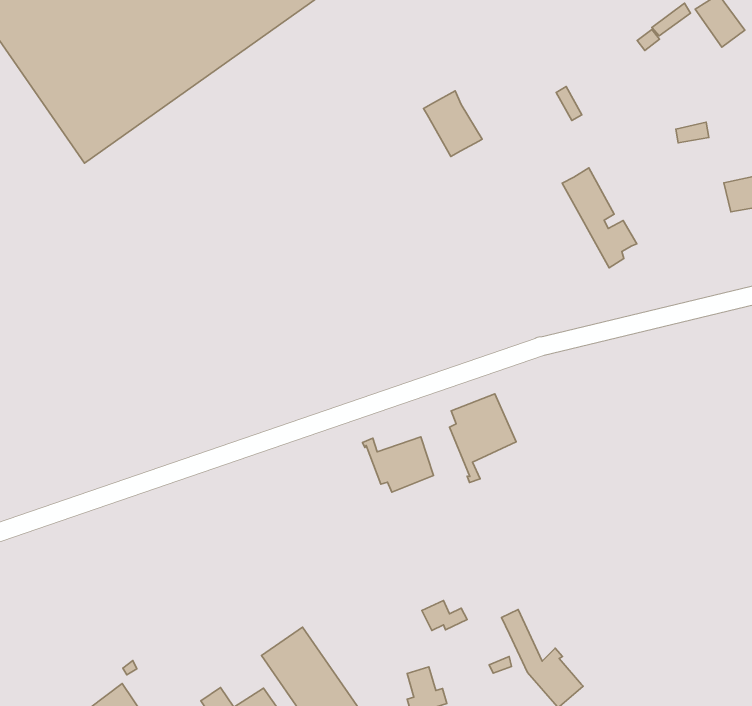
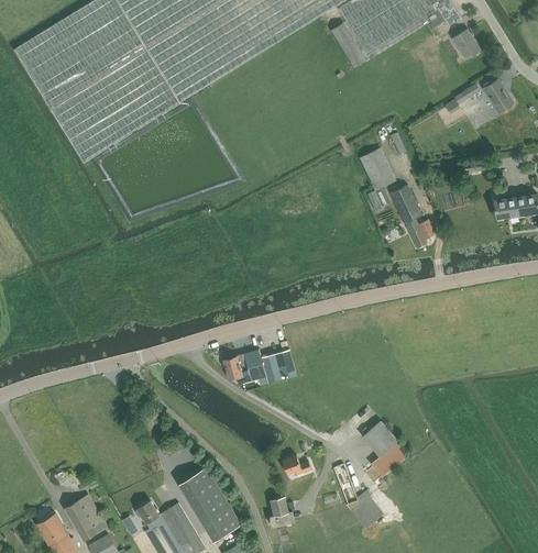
building: [424,91,482,157] -> [359,147,395,189]
building: [450,394,516,483] -> none
building: none -> [221,350,261,384]
building: none -> [361,420,408,477]

